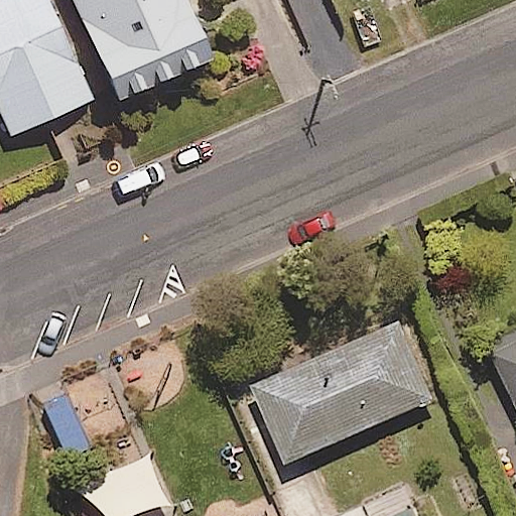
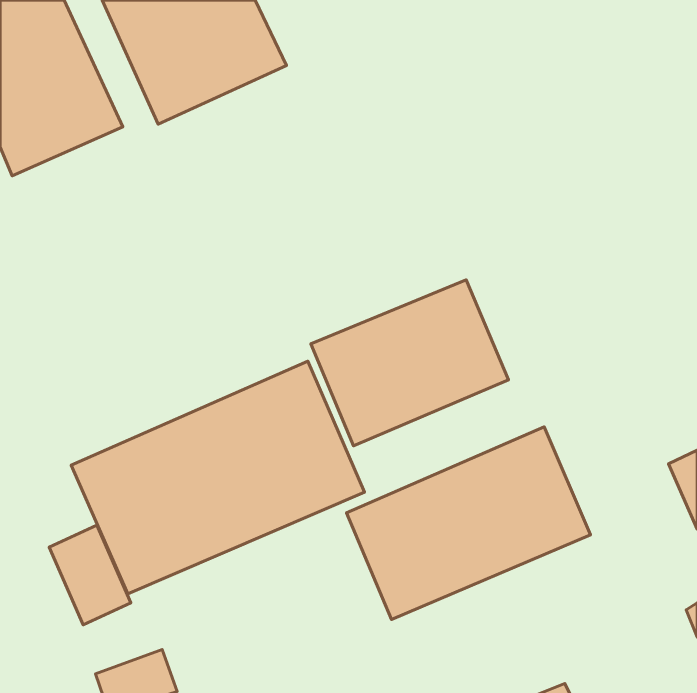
building: none -> [311,280,509,446]
building: none -> [71,361,364,594]

